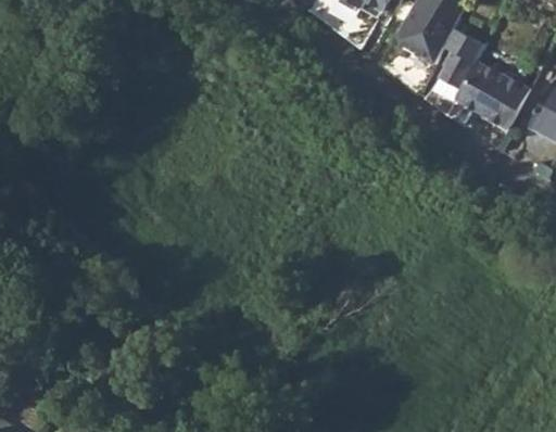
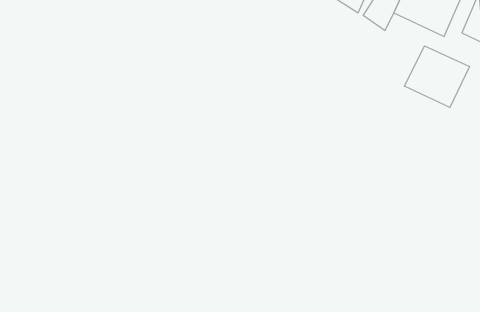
building: none -> [404,46,470,108]

